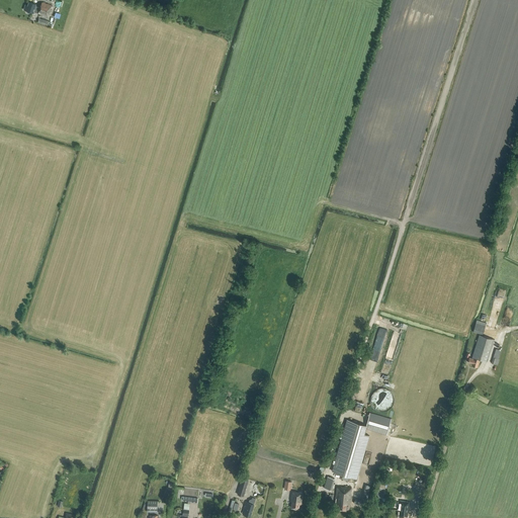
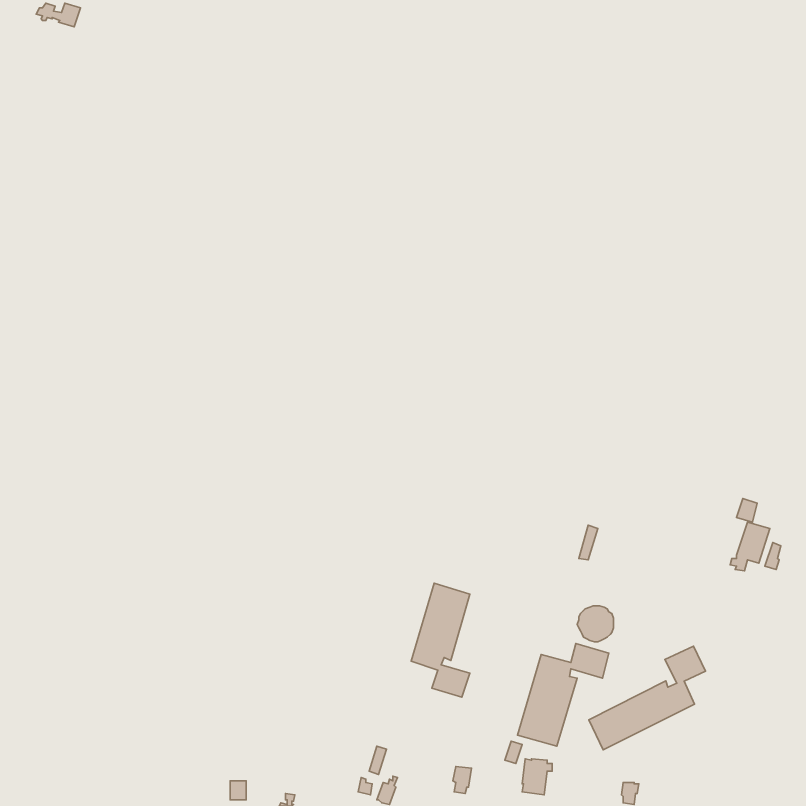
building: none -> [411,583,470,697]
building: none -> [589,646,706,750]

